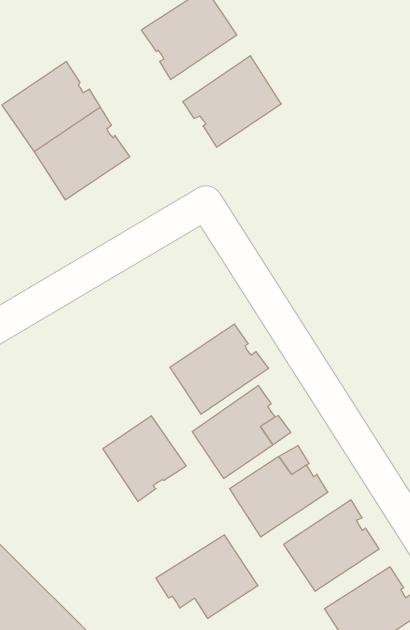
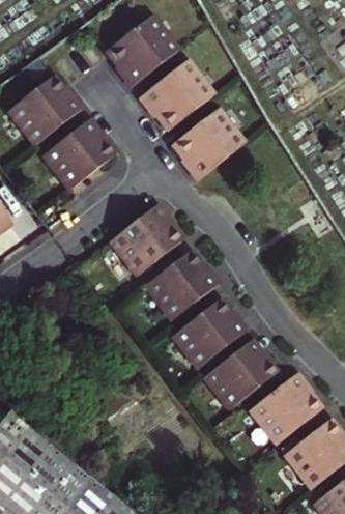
building: none -> [172,109,242,178]
building: none -> [110,206,180,276]
building: [103,416,186,502] -> none
building: [156,535,258,619] -> none

